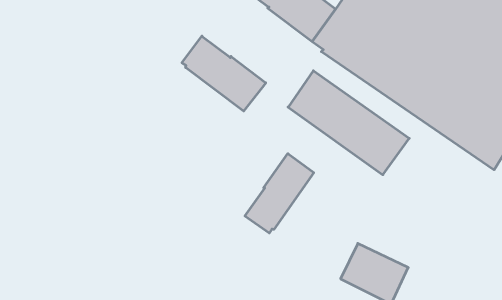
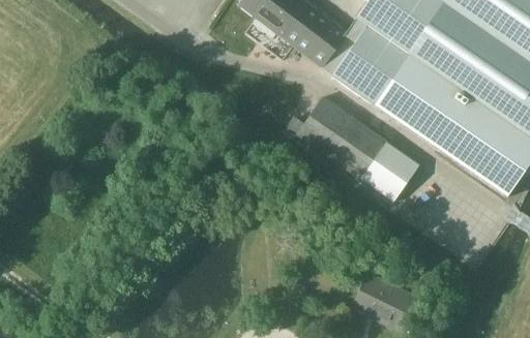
building: [182,36,266,111] -> none
building: [245,154,314,233] -> none

